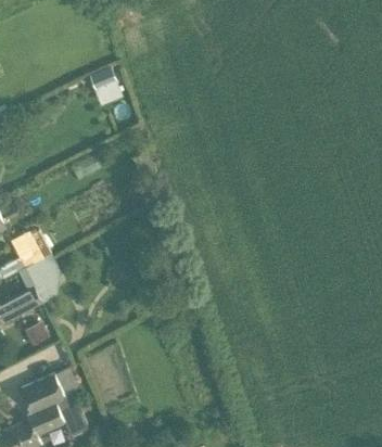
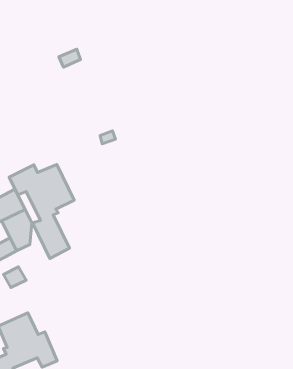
building: none -> [9,165,74,259]

